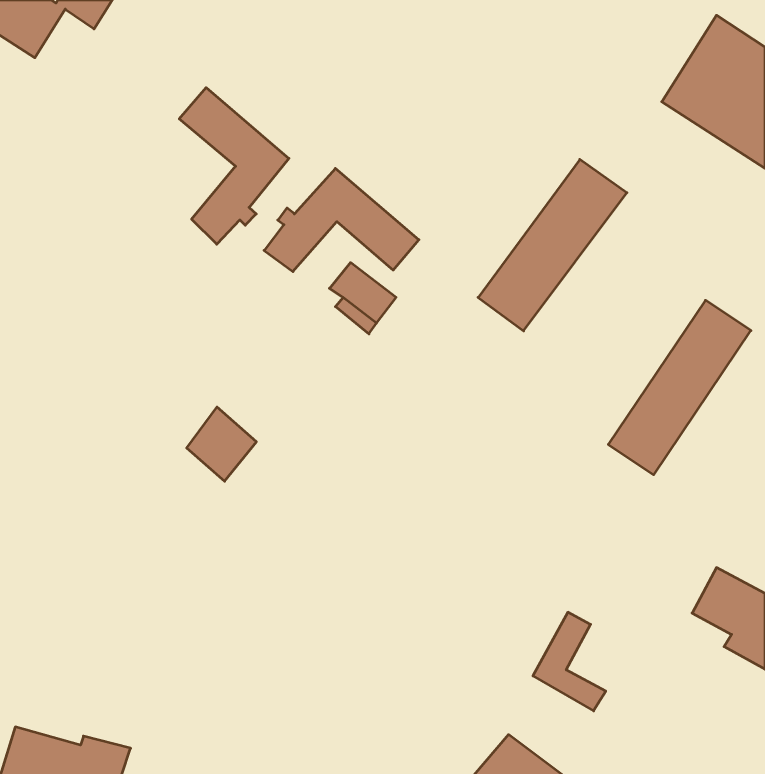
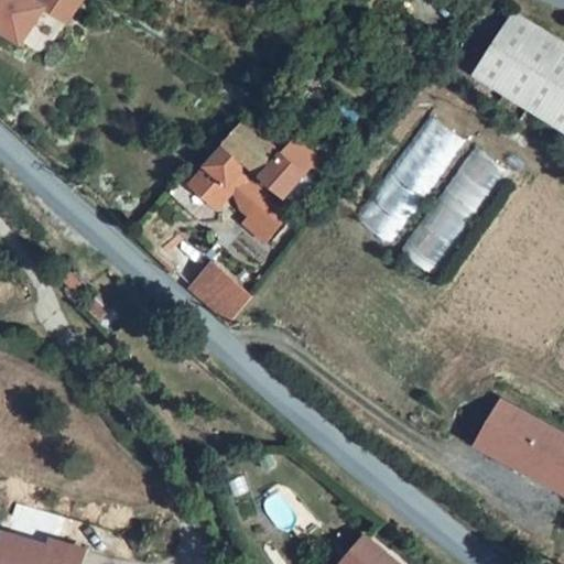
building: [179,88,289,244] -> none
building: [608,300,751,475] -> [394,148,498,274]
building: [187,407,256,481] -> [203,272,253,326]
building: [533,612,606,711] -> [478,404,531,476]

